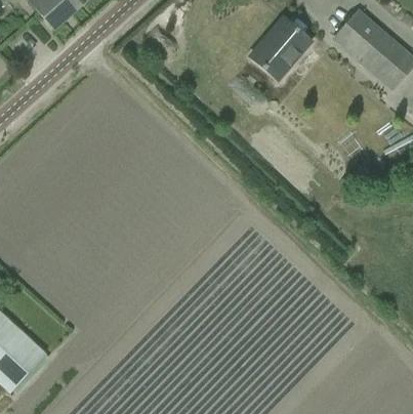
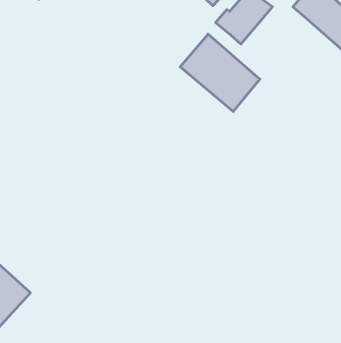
building: none -> [180,34,260,112]

